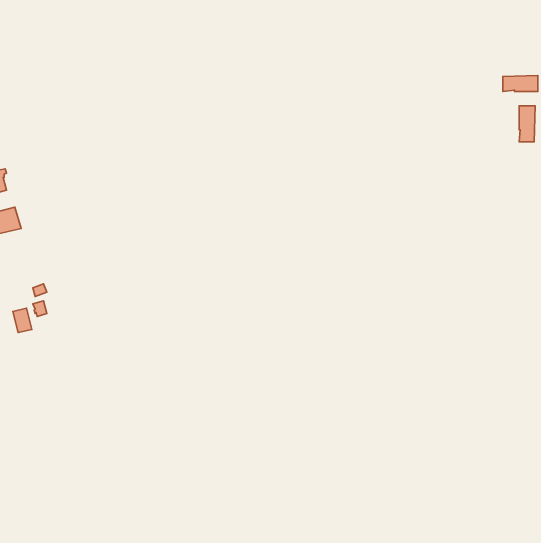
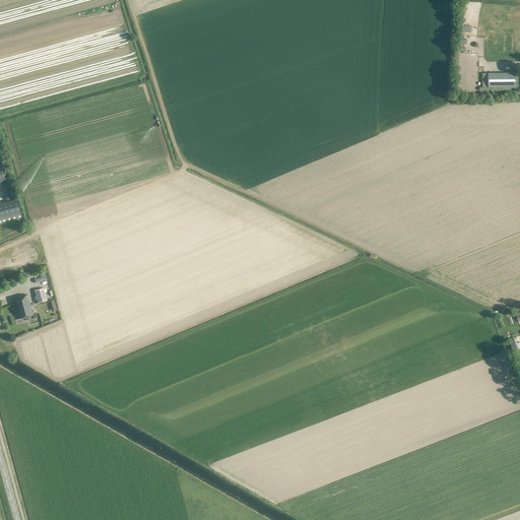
building: [519,106,535,142] -> none

